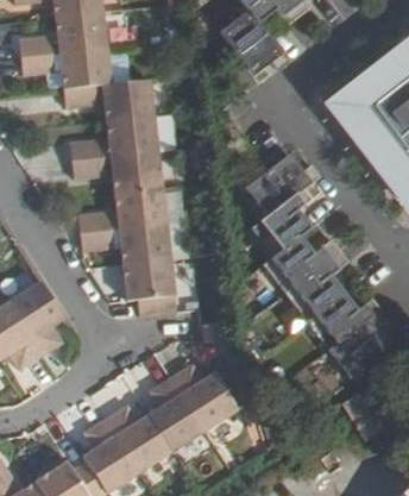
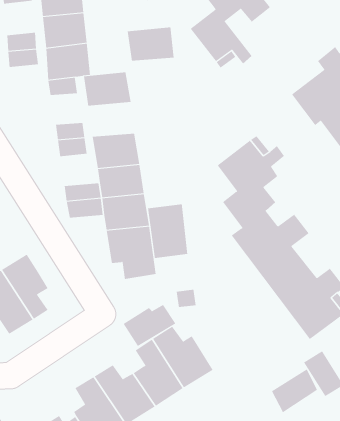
building: [103,114,156,152] -> [127,27,174,61]
building: none -> [148,203,188,259]
building: none -> [123,304,176,347]
building: none -> [271,368,318,413]

